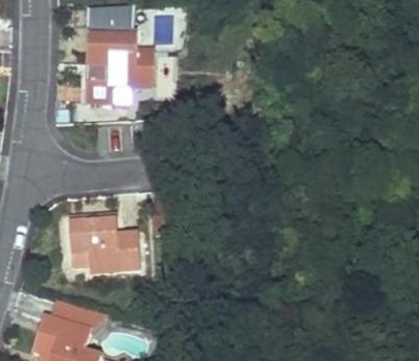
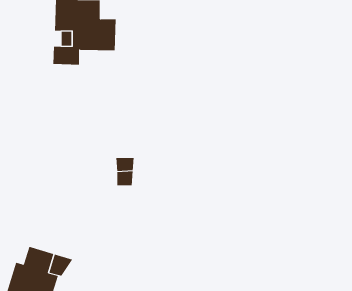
building: [69,215,139,272] -> none

